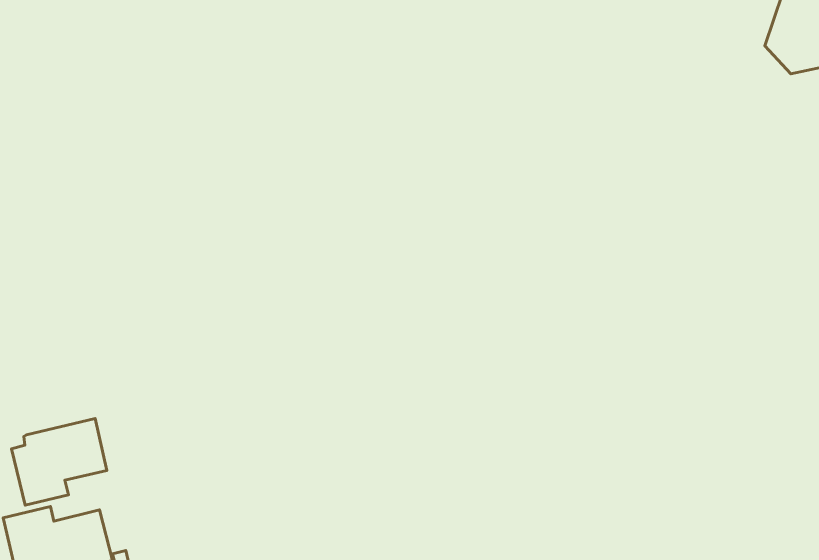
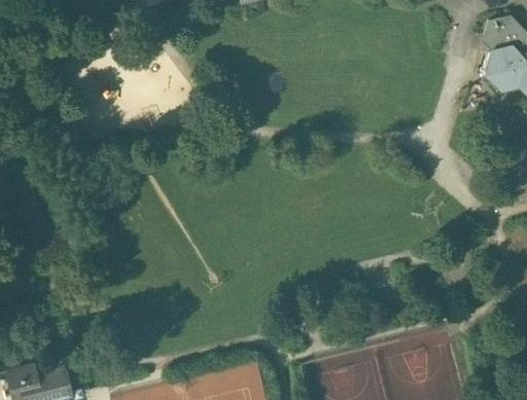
building: [11,419,107,505] -> none

